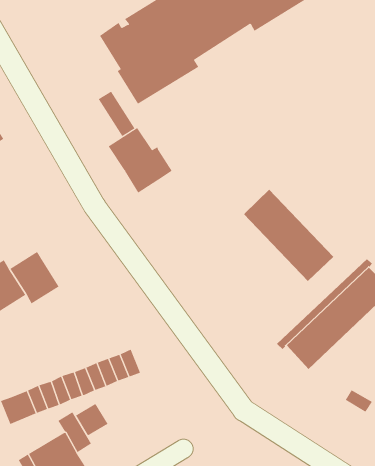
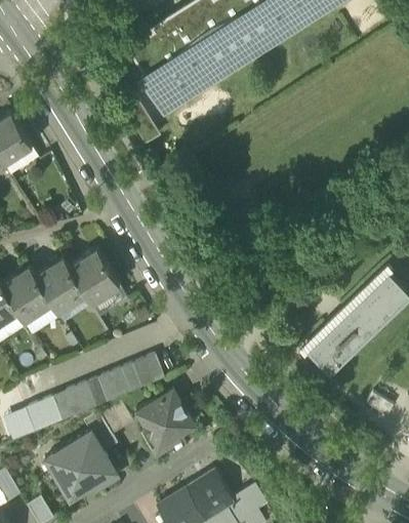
building: [108,127,173,193] -> none
building: [243,189,334,282] -> none
building: none -> [70,251,120,305]
building: none -> [136,390,196,460]

